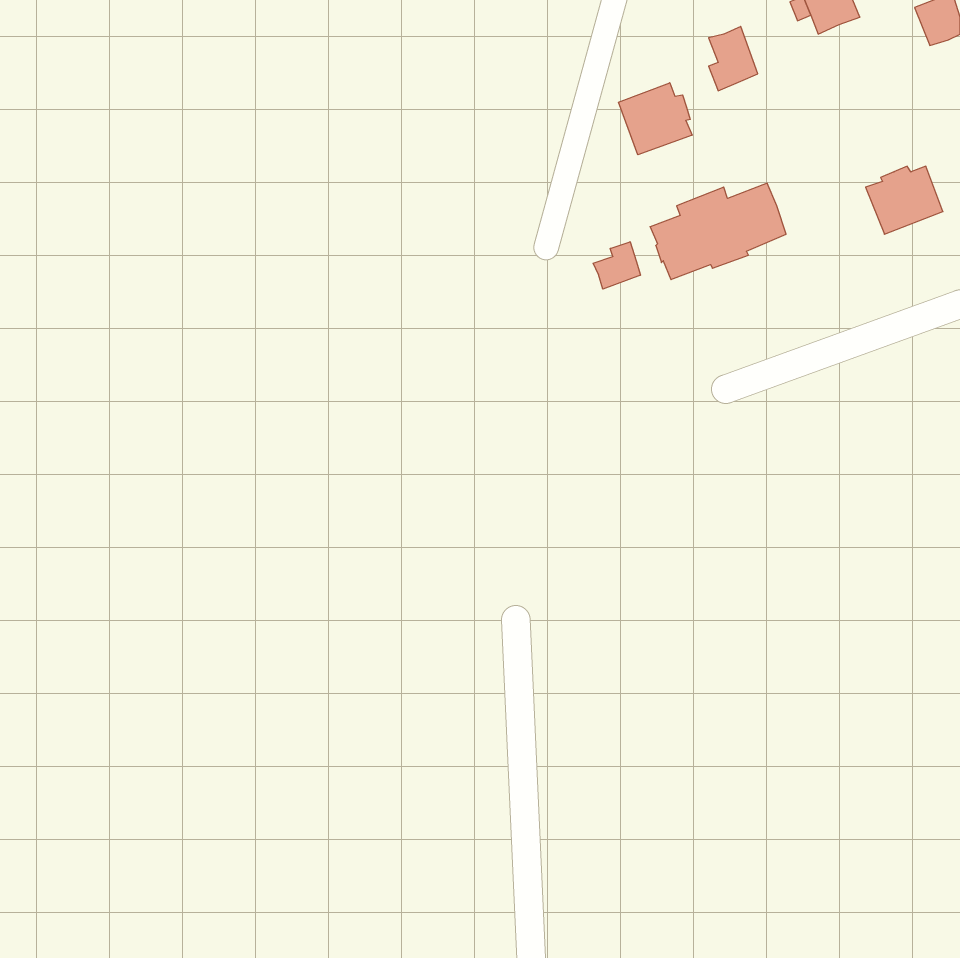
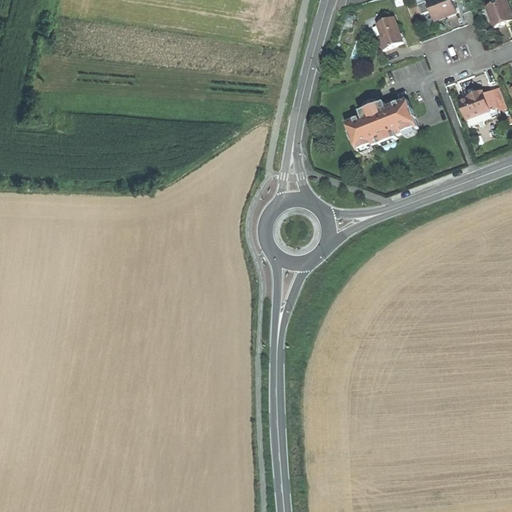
building: [619,83,692,155] -> none
building: [593,242,640,289] -> none

